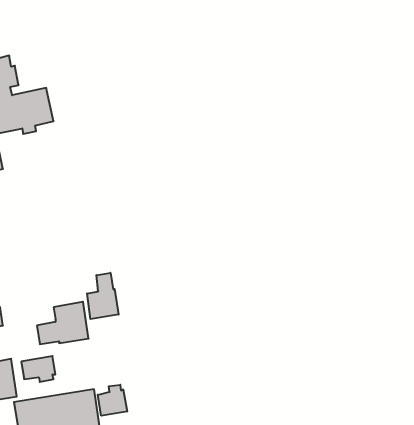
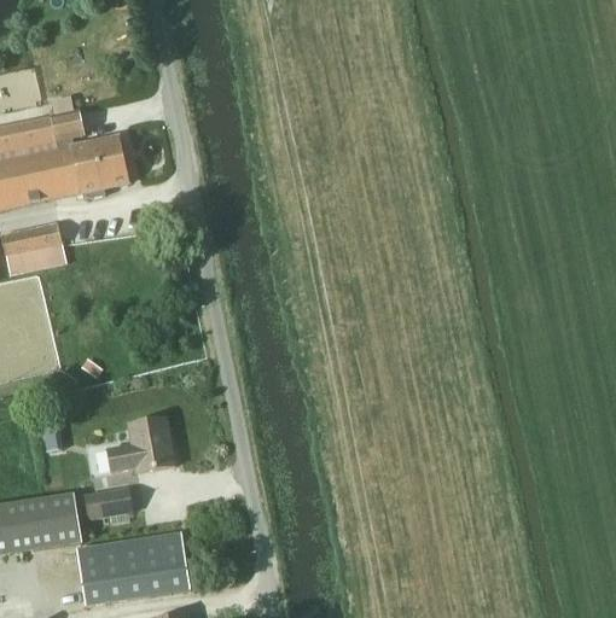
building: [87,273,119,319] -> none
building: [98,385,127,416] -> none

